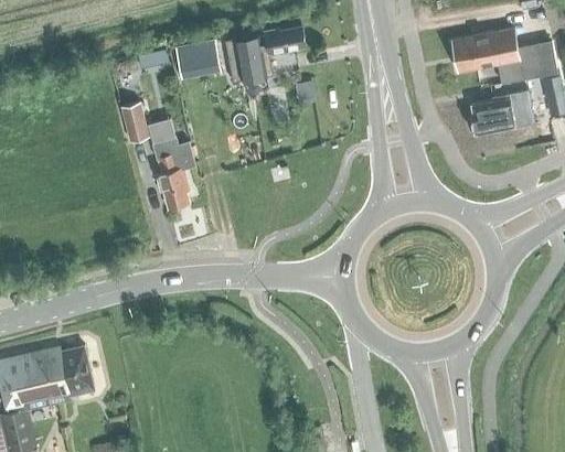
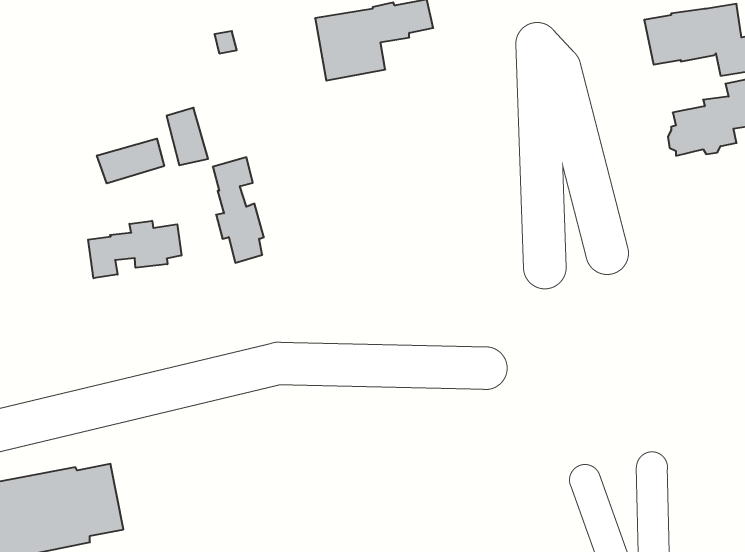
building: [179,41,221,76] -> none
building: none -> [97,139,164,183]
building: none -> [88,221,181,278]

